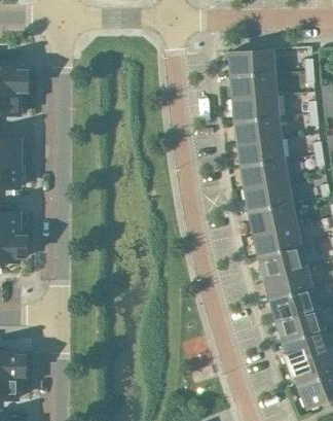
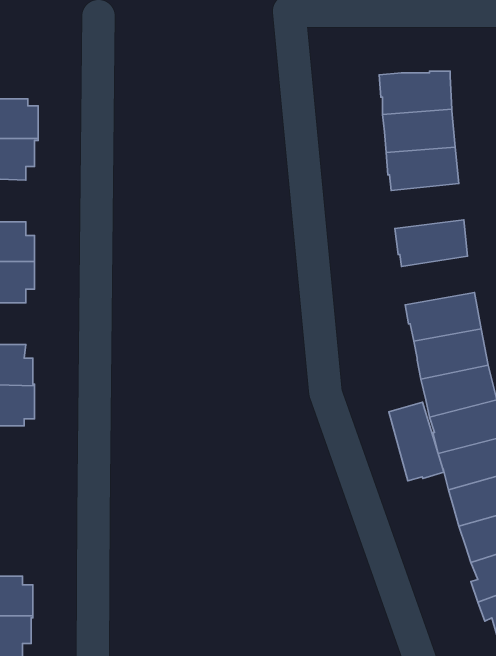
building: [236,117,280,144] -> none
building: [243,161,286,189] -> none
building: none -> [389,402,444,481]

